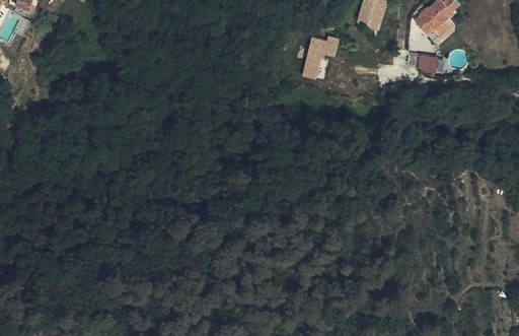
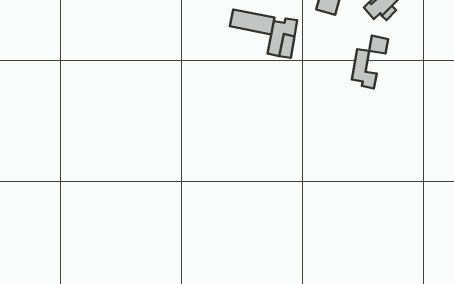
building: none -> [230,9,274,34]
building: none -> [352,49,377,88]

